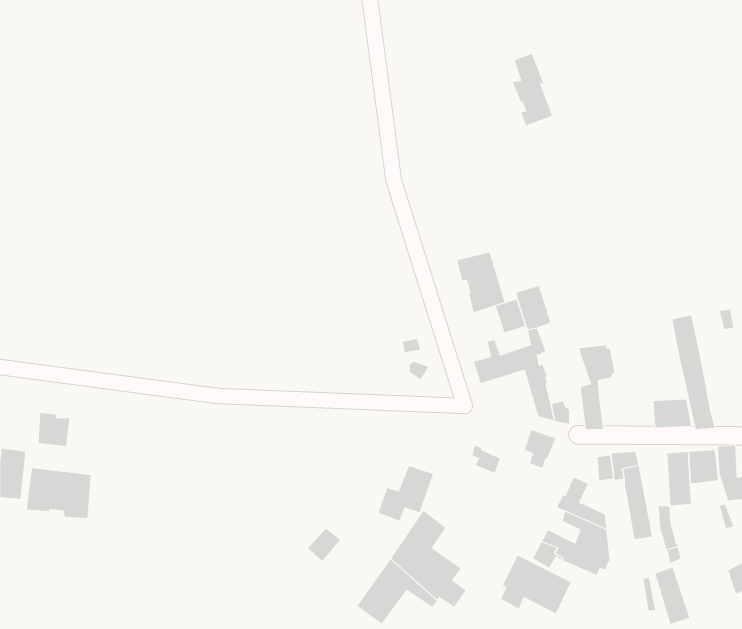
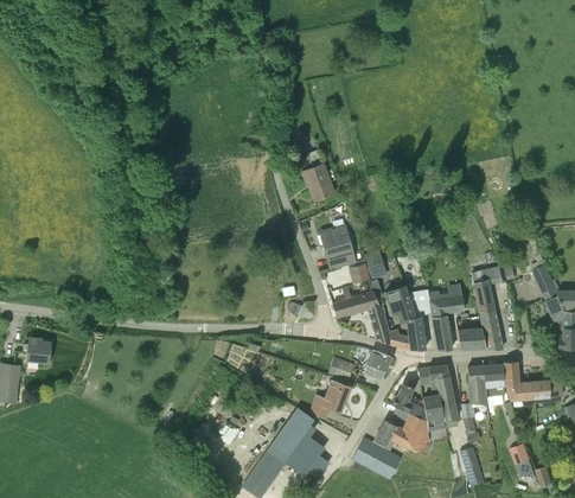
building: [512,53,553,126] -> [306,149,334,200]
building: none -> [429,283,465,350]
building: none -> [385,285,415,321]
building: [378,465,434,521] -> [311,379,350,419]
building: [26,467,91,519] -> none
building: none -> [423,395,446,432]

